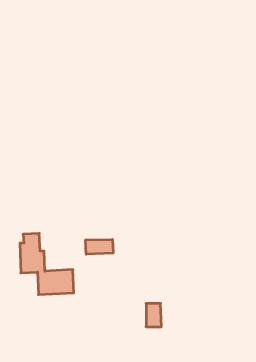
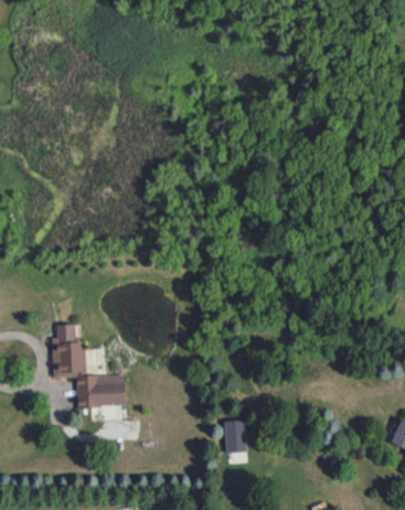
building: [86,239,113,254] -> none

